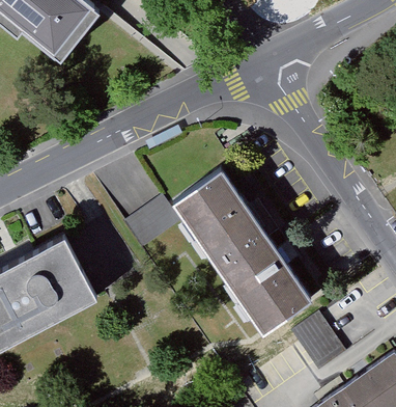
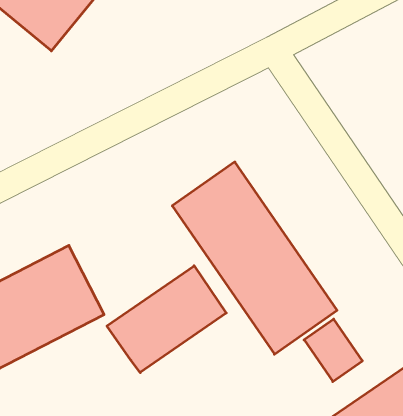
building: none -> [107,266,226,373]

